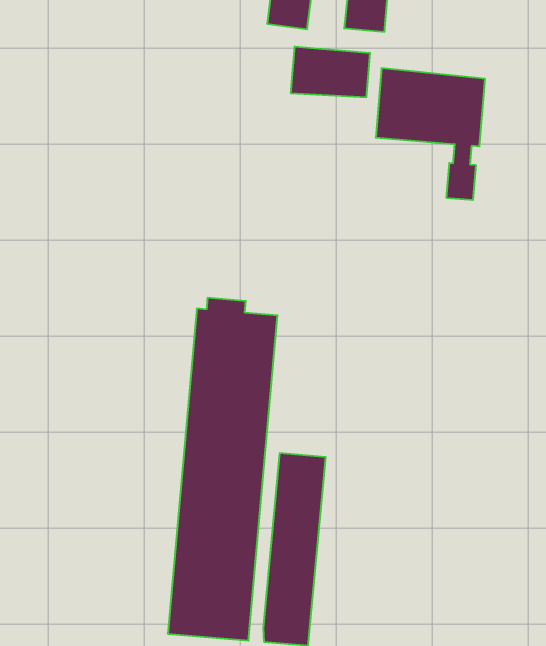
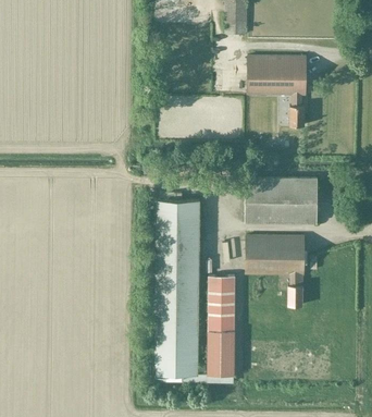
building: [291,46,370,97] -> none
building: none -> [246,176,315,221]
building: none -> [245,235,303,305]

